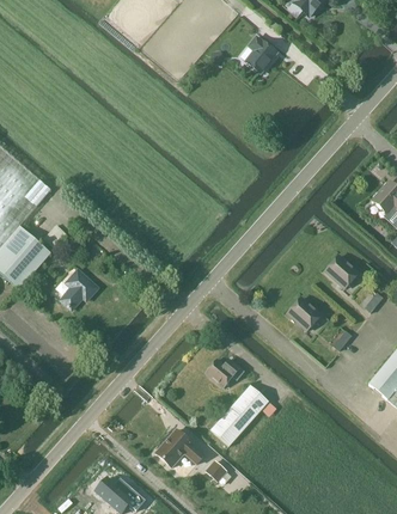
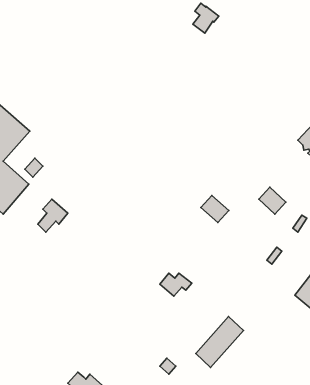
building: [286,298,319,330] -> [201,195,229,222]
building: [209,385,267,446] -> [196,316,244,367]
building: [153,429,201,467] -> none

